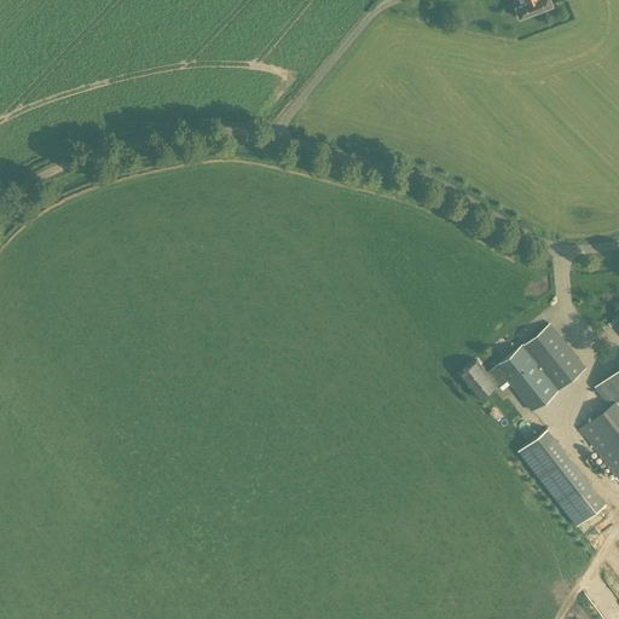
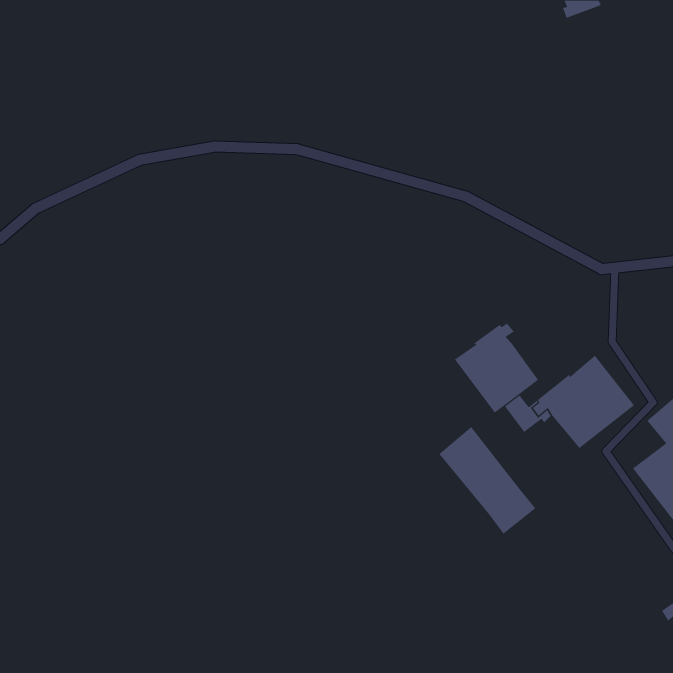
building: none -> [454,322,539,413]
building: [517,428,607,527] -> [438,426,536,535]

